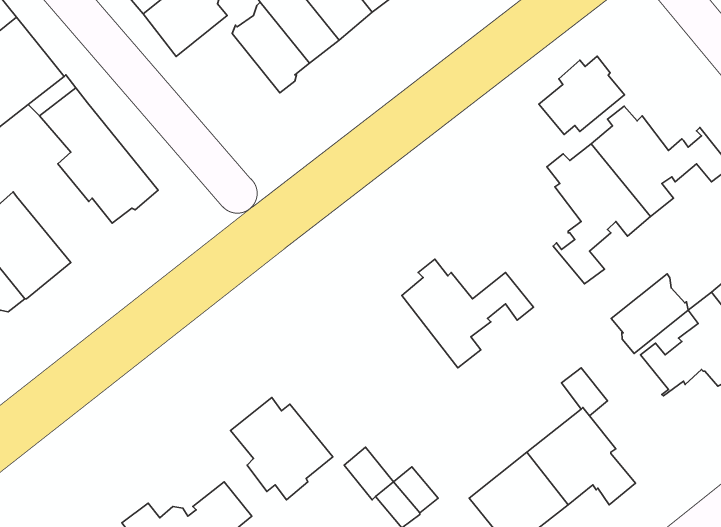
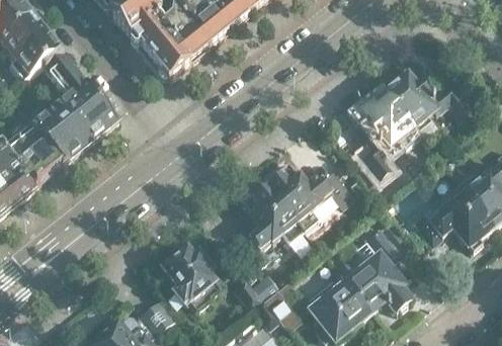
building: none -> [130,11,193,78]
building: [539,56,624,135] -> none
building: none -> [31,100,90,163]
building: [611,274,688,354] -> none
building: none -> [240,183,303,264]

